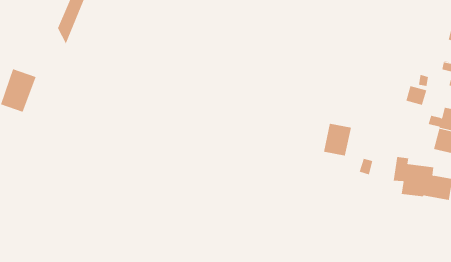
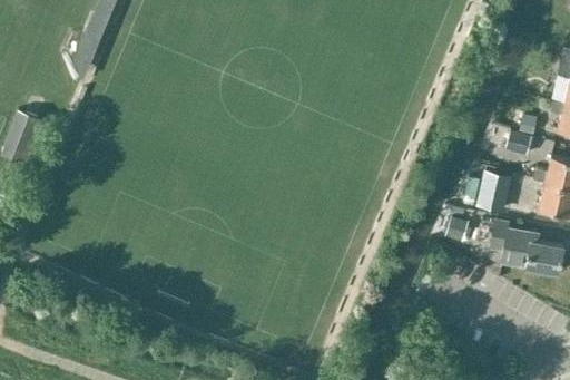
building: [323,123,352,156] -> [475,170,511,212]

